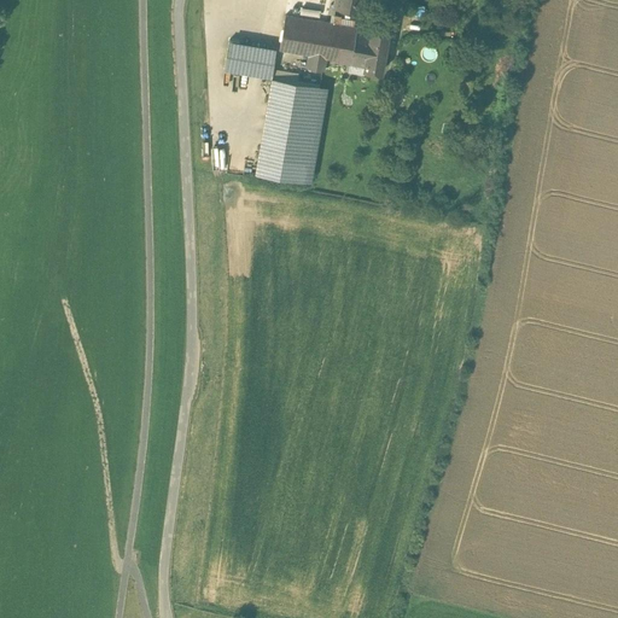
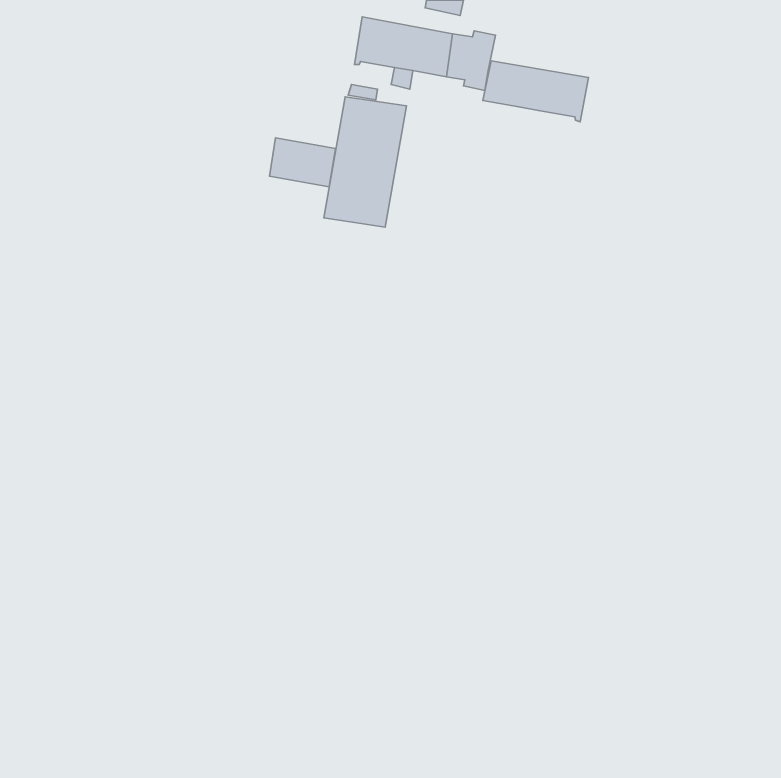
building: [227,42,279,81] -> [269,138,335,187]
building: none -> [483,61,589,122]

